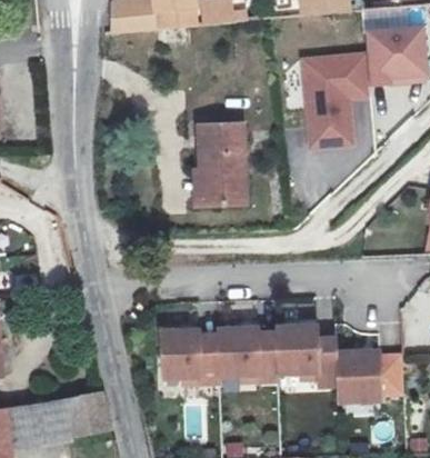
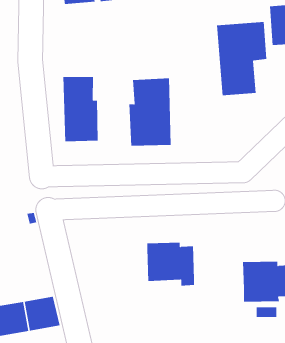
building: none -> [63,76,98,142]
building: [276,323,337,385] -> none
building: [161,328,219,381] -> none

